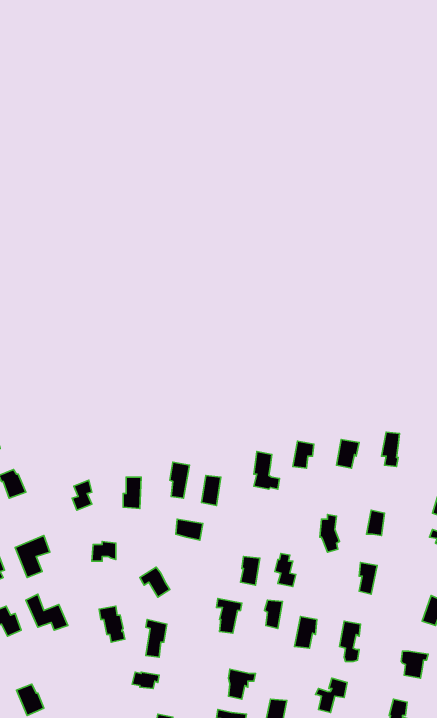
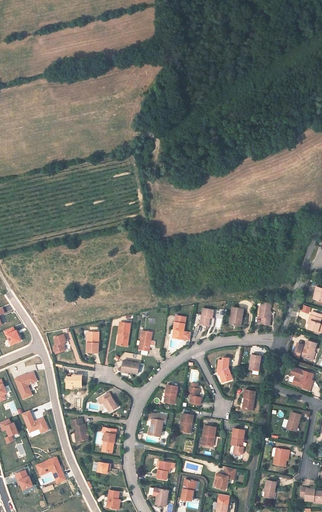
building: none -> [35,456,66,484]

